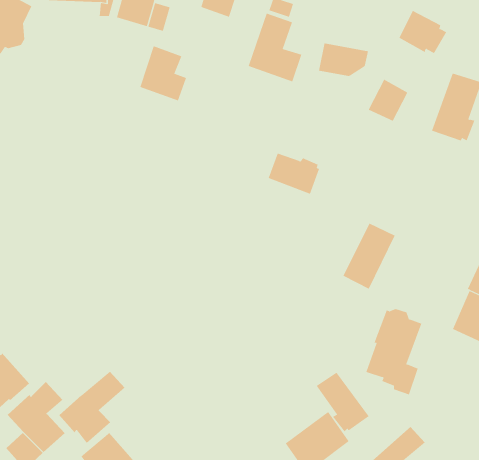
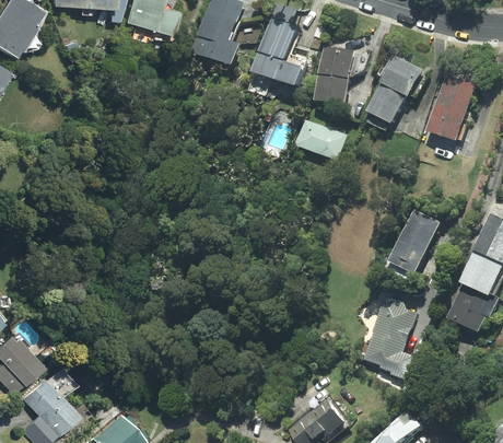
building: [399,10,447,54] -> [381,55,426,96]
building: [139,46,187,101] -> [194,13,238,66]
building: none -> [313,73,348,104]
building: [268,153,320,194] -> [295,120,344,160]
building: [342,223,396,290] -> [388,210,438,273]
building: [58,371,125,444] -> none
building: [316,372,369,432] -> none

